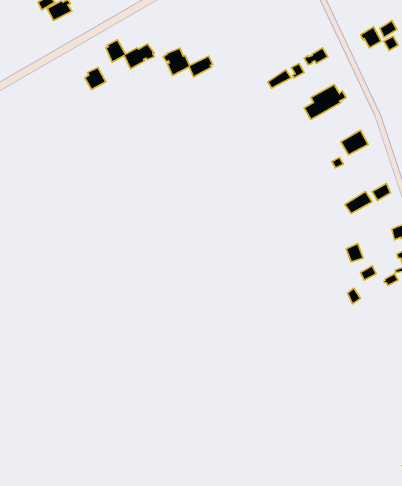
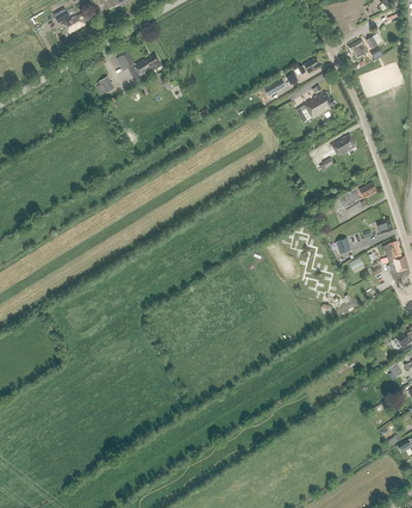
building: [163,48,213,77] -> none

